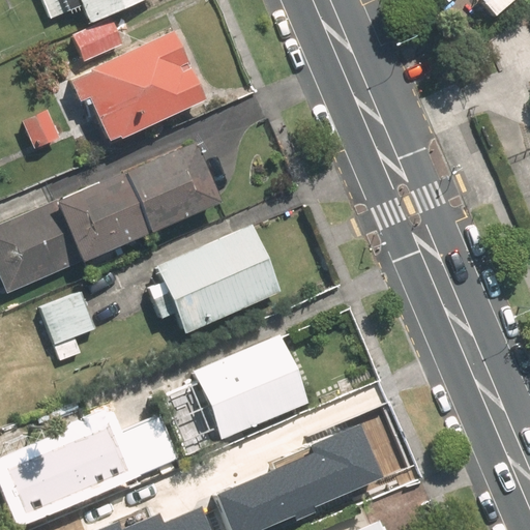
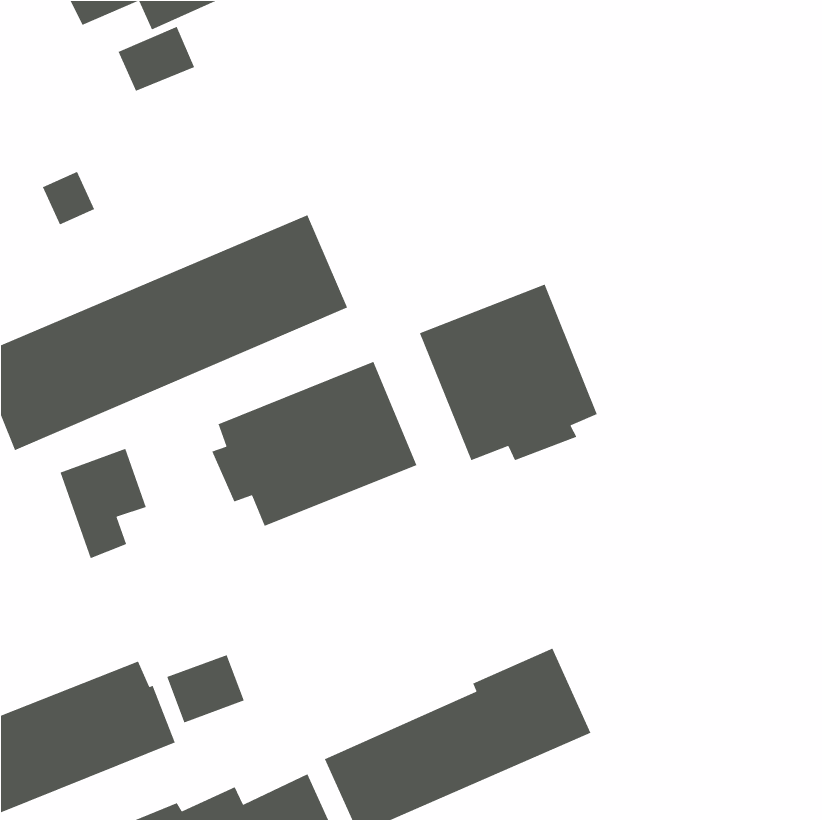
building: [78,33,211,140] -> none
building: none -> [419,283,598,461]
building: [150,341,298,448] -> none

